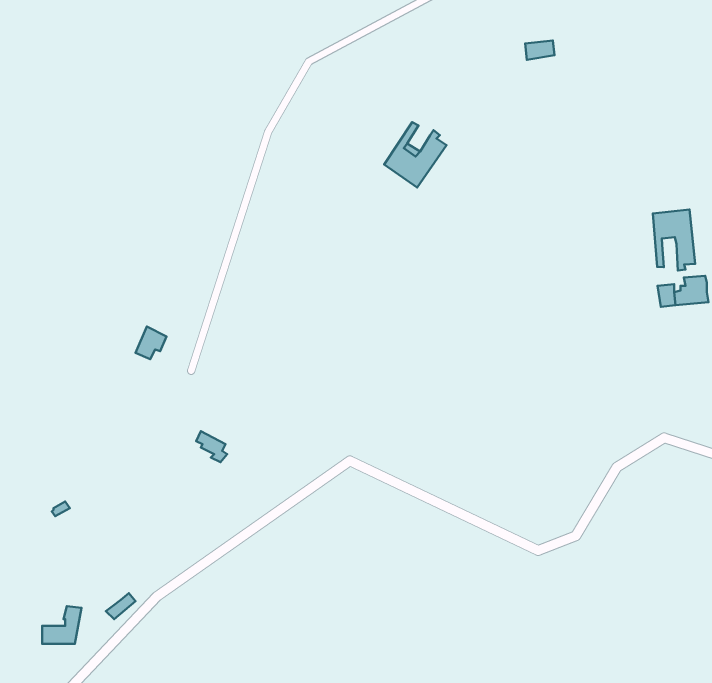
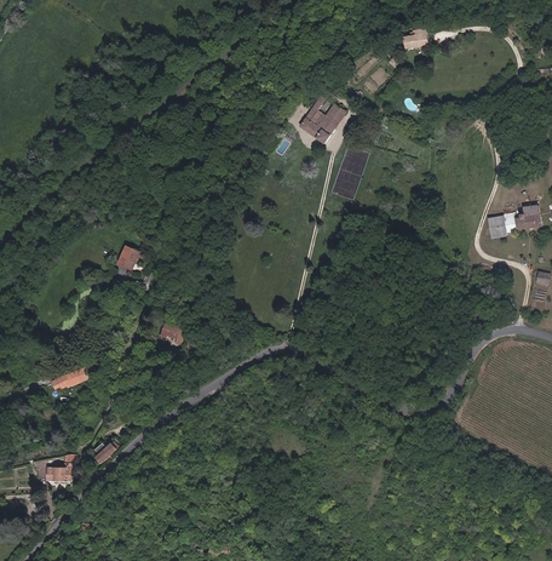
building: [653,209,695,270] -> none

